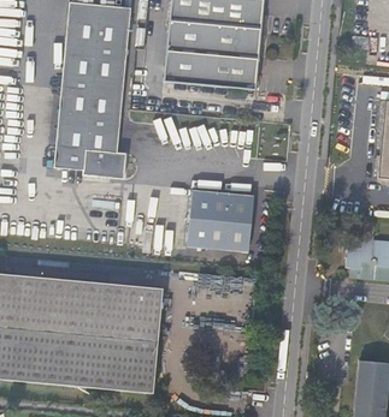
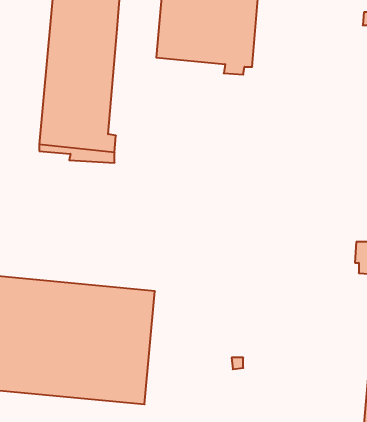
building: [190,187,255,248] -> none

